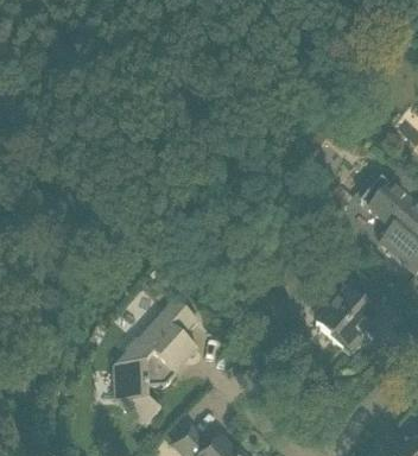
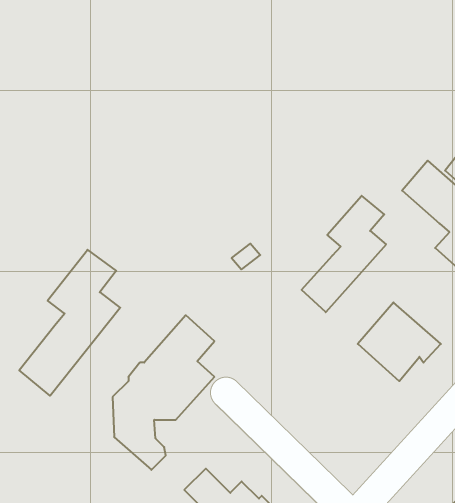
building: none -> [302,196,386,312]
building: none -> [19,250,120,396]

